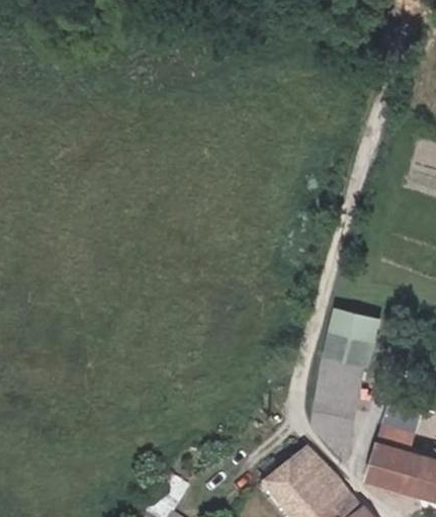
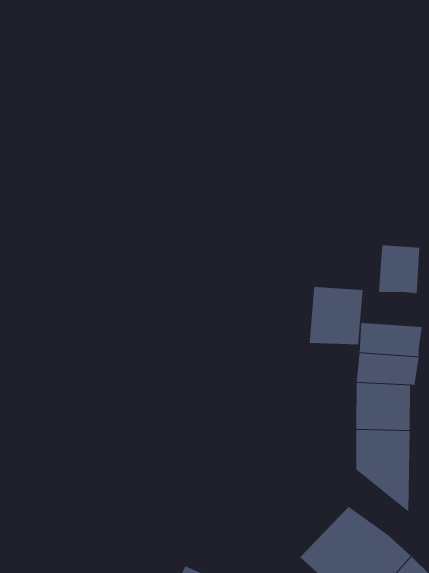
building: none -> [379,244,420,294]
building: none -> [309,286,363,345]

